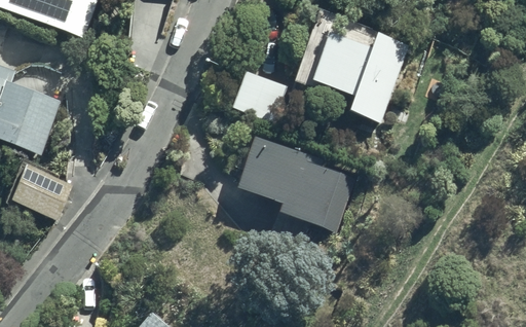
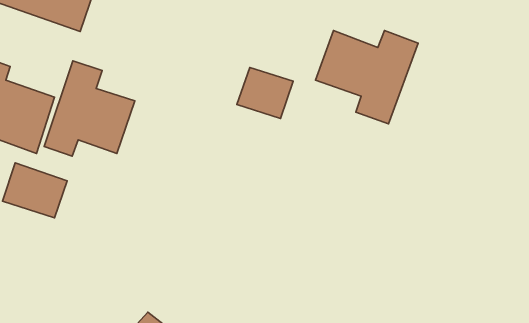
building: none -> [44,61,135,156]
building: [235,137,355,235] -> none

